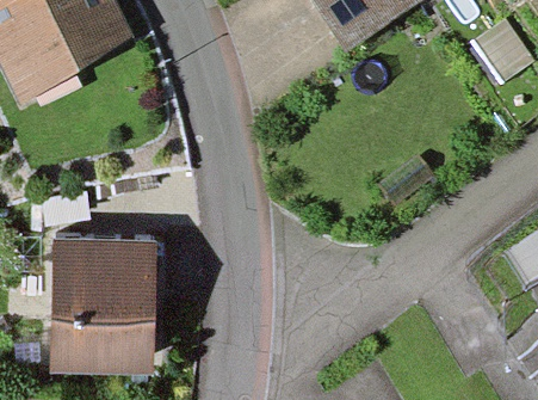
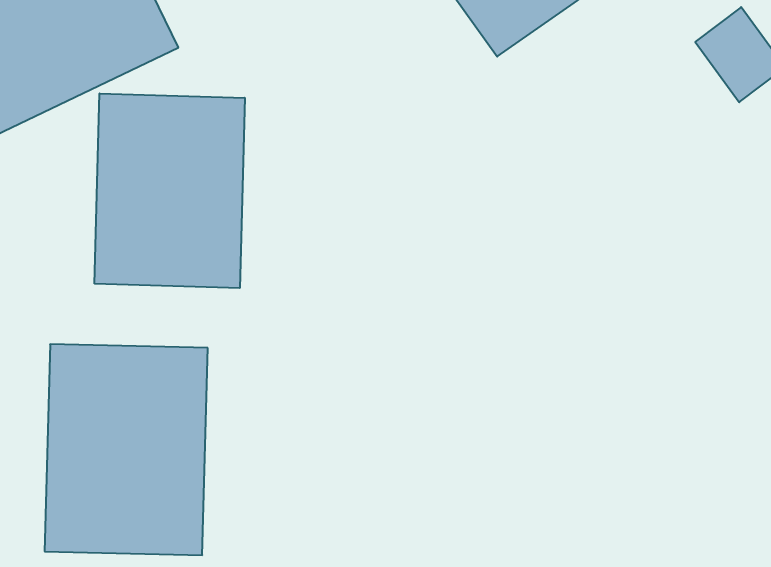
building: none -> [95,93,245,288]

